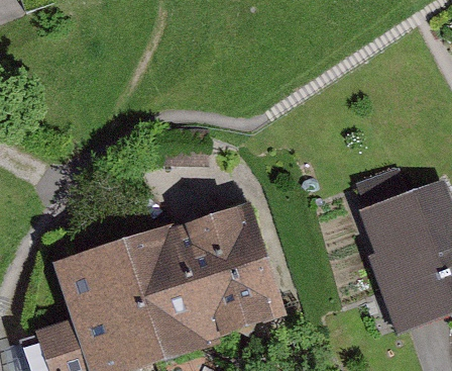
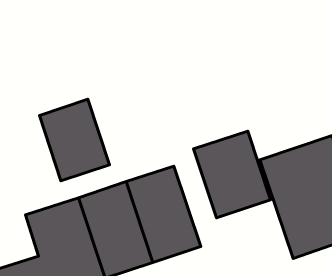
building: none -> [39,99,110,181]
building: none -> [194,131,270,218]

